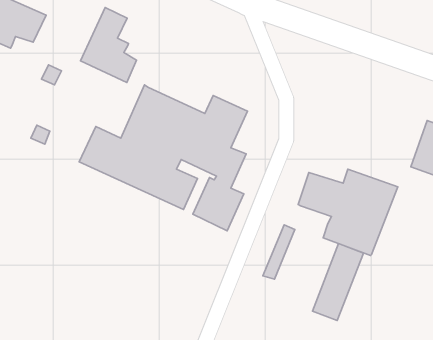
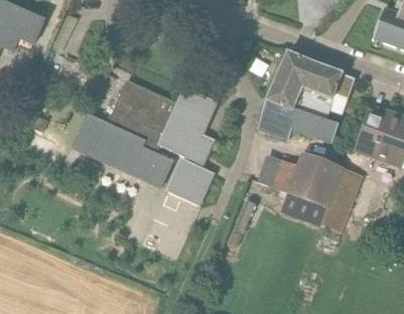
building: [81,7,137,83] -> none
building: none -> [258,52,355,143]
building: [312,244,363,321] -> [321,167,365,232]

